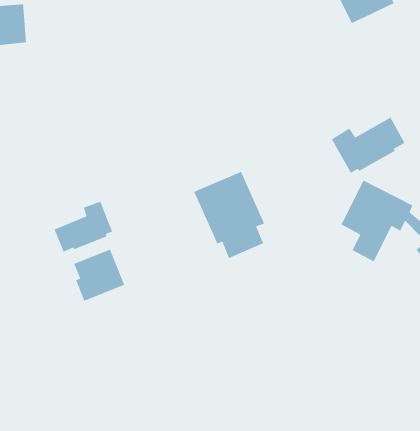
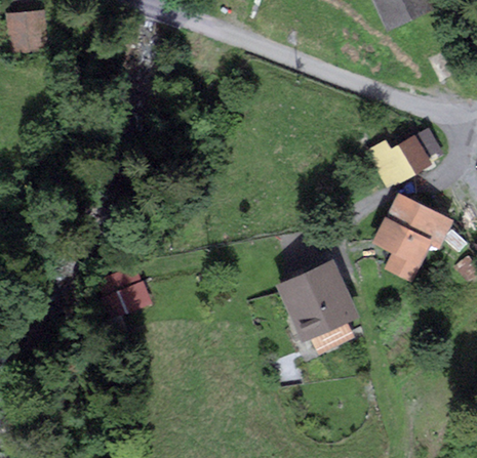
building: [193,171,265,259] -> [280,261,355,353]
building: [53,201,113,253] -> none

